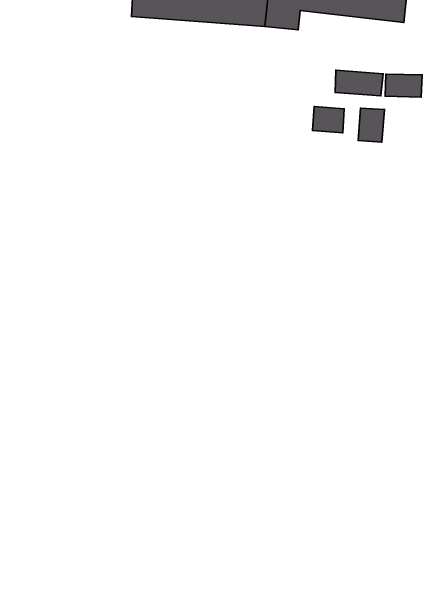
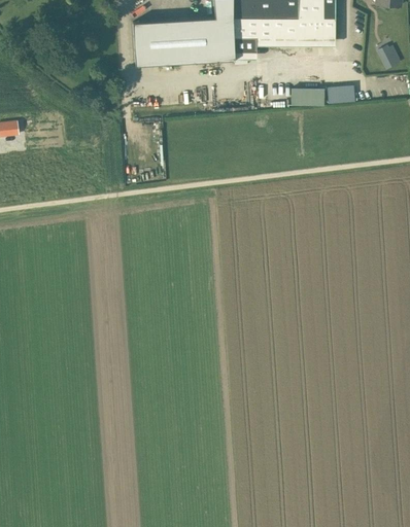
building: [313,107,344,133] -> none
building: [358,108,384,142] -> none

